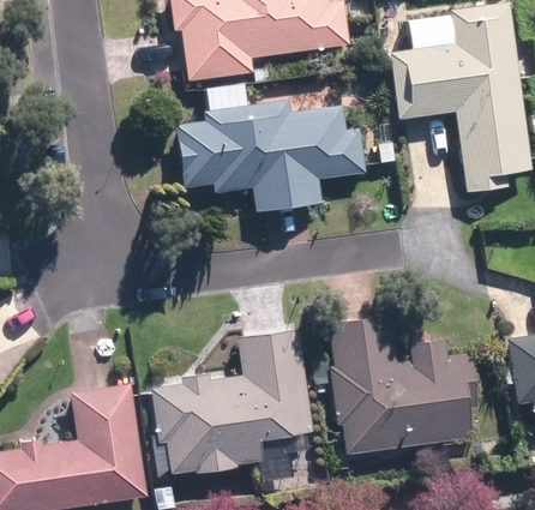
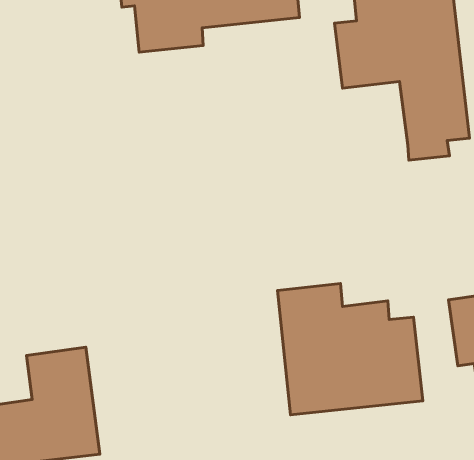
building: [175,97,366,211] -> none
building: [149,331,309,474] -> none

